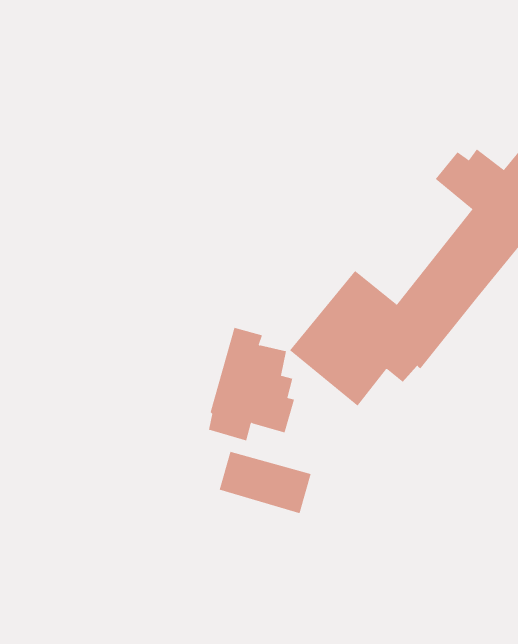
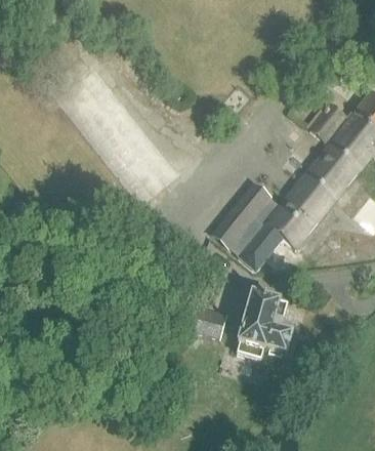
building: [208,327,295,441] -> [238,288,293,361]

